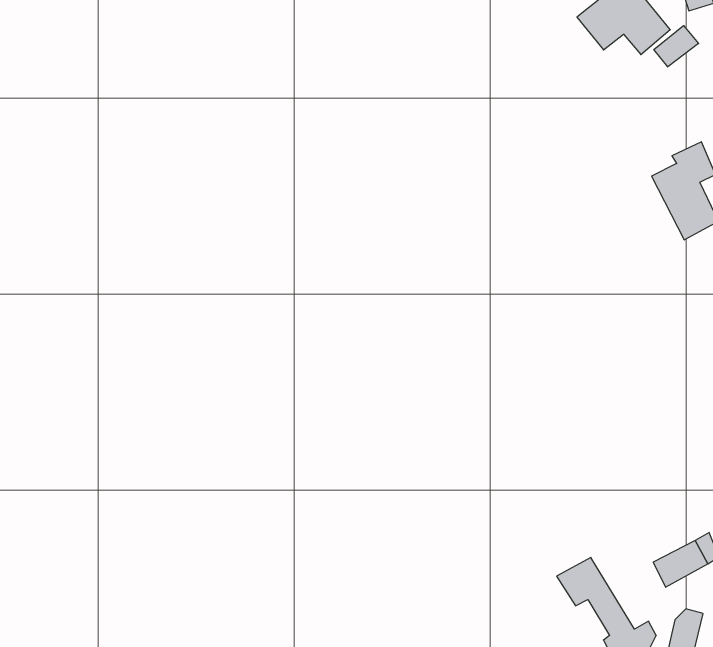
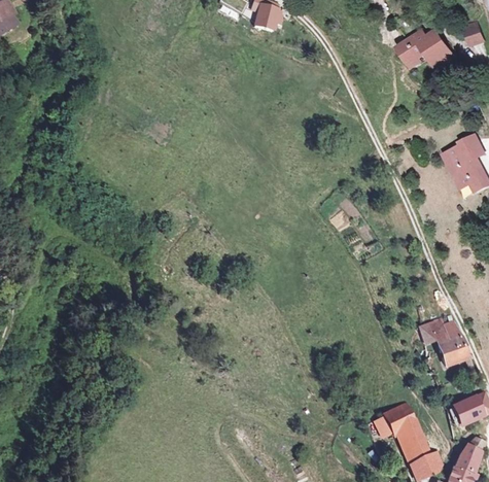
building: [654,26,699,67] -> none
building: none -> [412,320,466,369]

